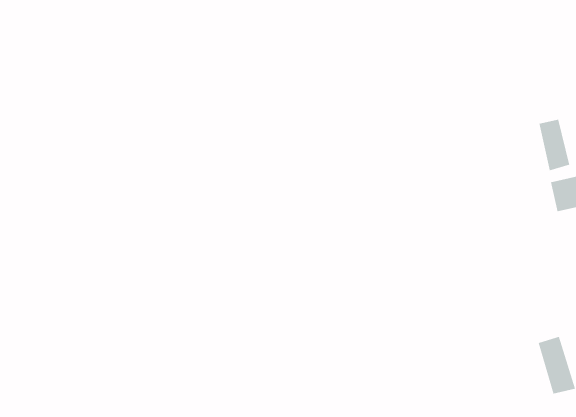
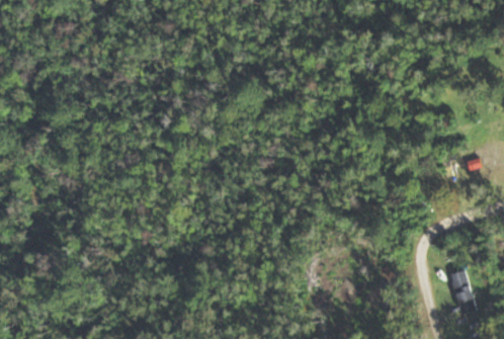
building: [539,119,570,171] -> none

